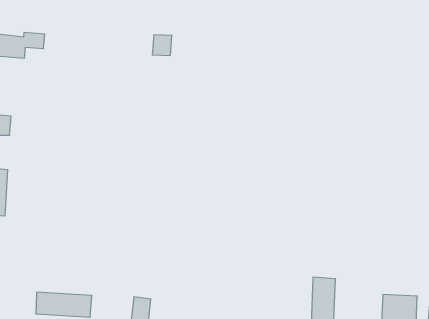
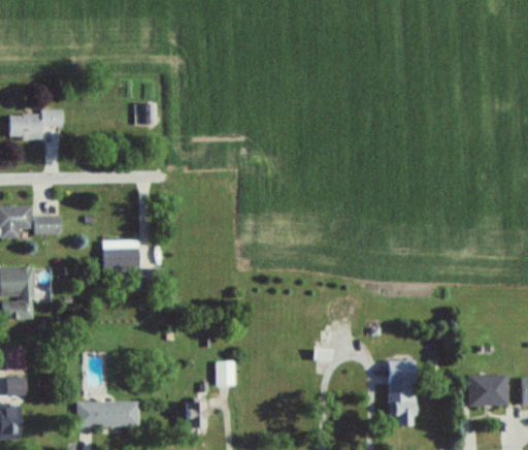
building: [152,35,172,55] -> [135,102,156,126]
building: none -> [34,215,60,234]
building: none -> [103,242,139,268]
building: none -> [216,361,235,385]

